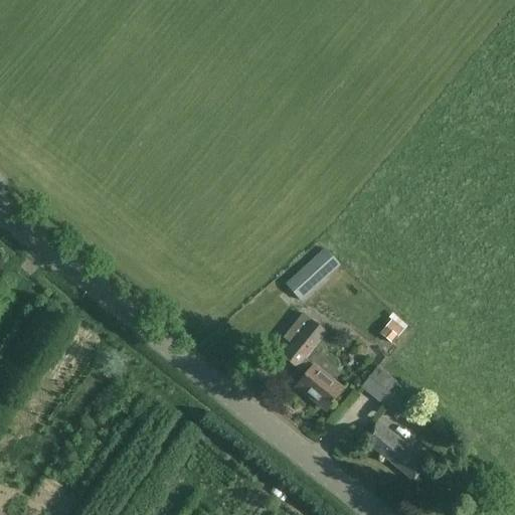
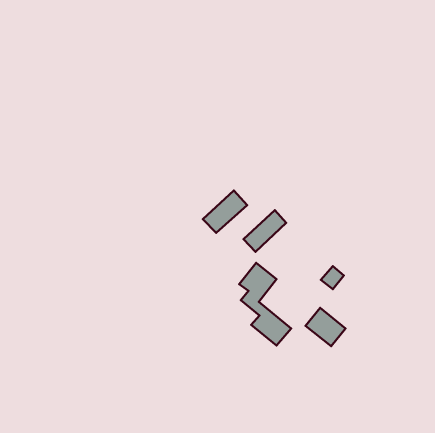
building: none -> [203,191,247,233]
building: [364,420,428,479] -> none

